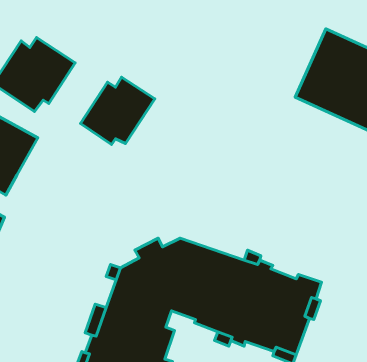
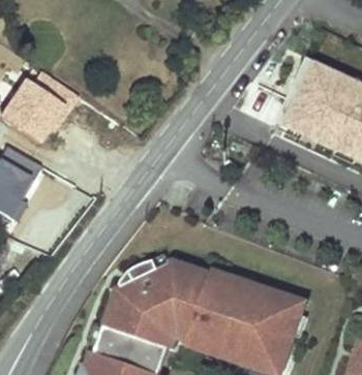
building: [80,77,155,144] -> none

